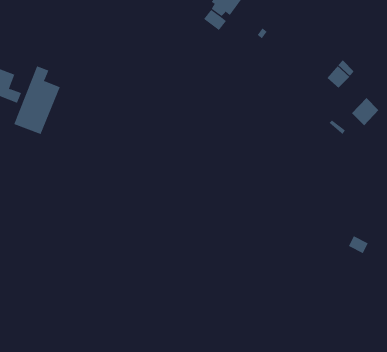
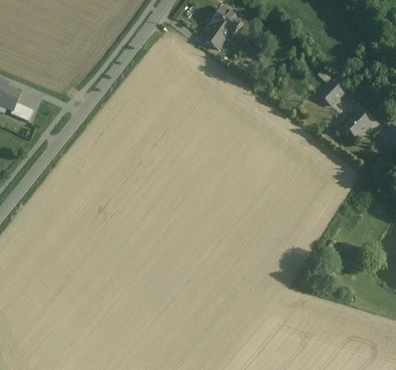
building: [14,65,61,135] -> none

